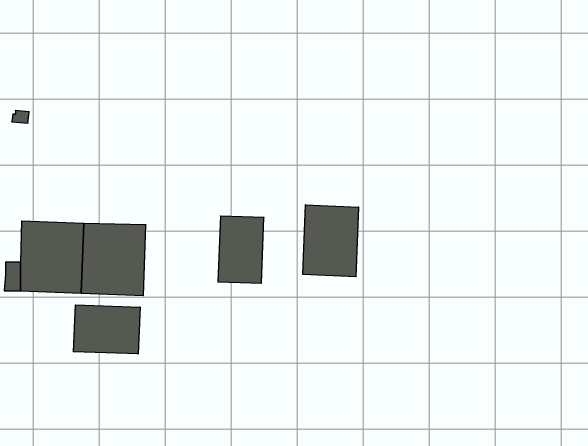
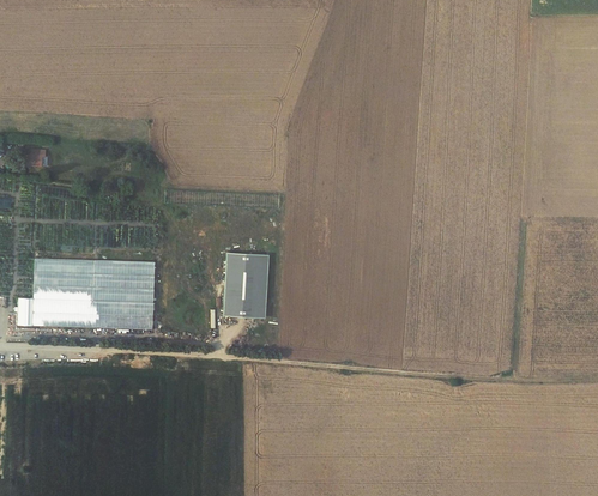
building: [303,205,359,277] -> none
building: [73,305,140,354] -> none

